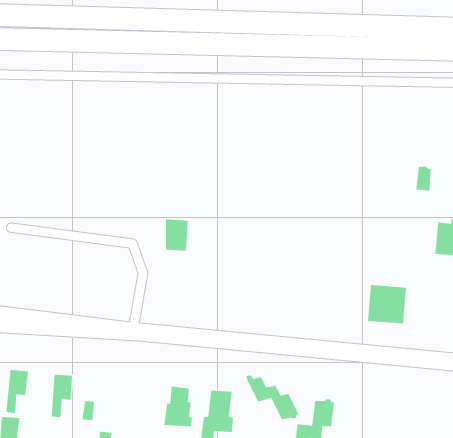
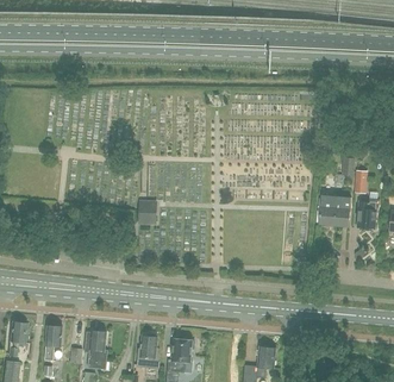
building: [367,284,407,324] -> [319,195,351,227]
building: [245,375,300,420] -> none
building: none -> [85,330,107,369]

